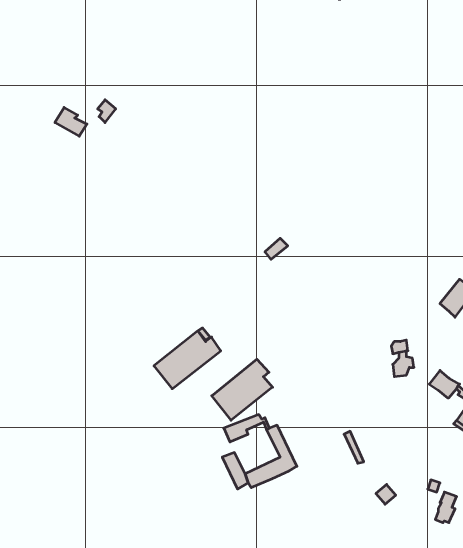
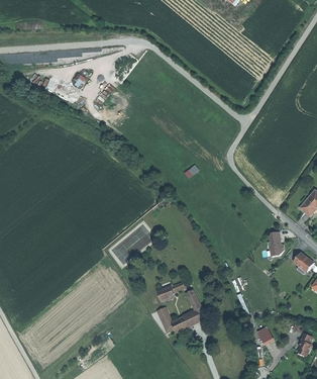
building: [212,359,273,420] -> none

